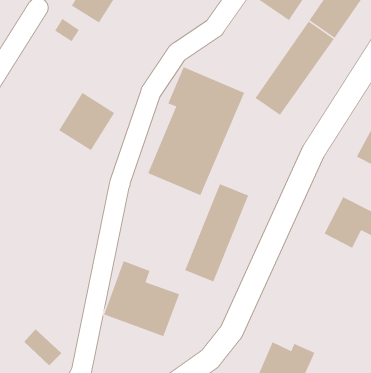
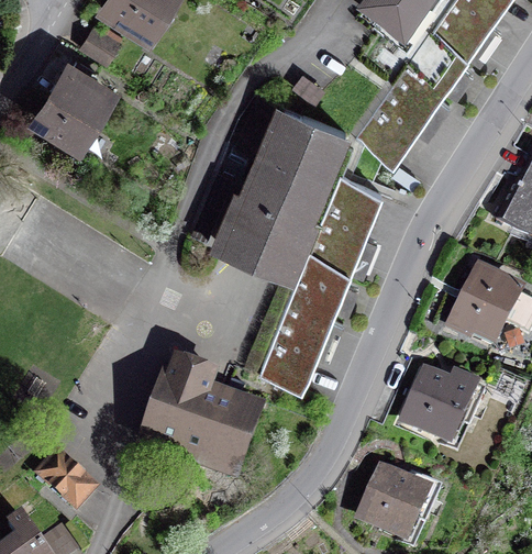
building: [58,92,115,151] -> [34,64,112,145]
building: none -> [311,177,383,272]
building: none -> [407,375,488,443]

